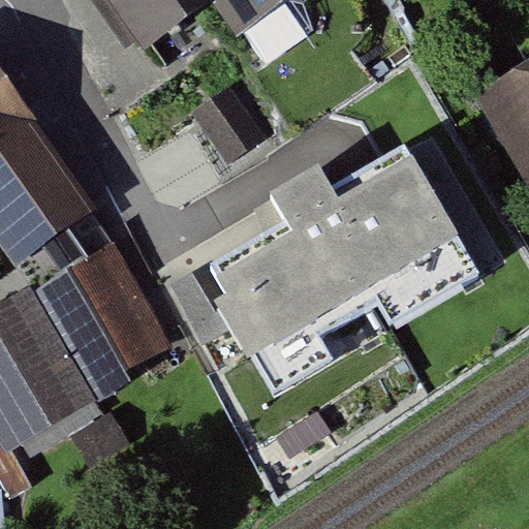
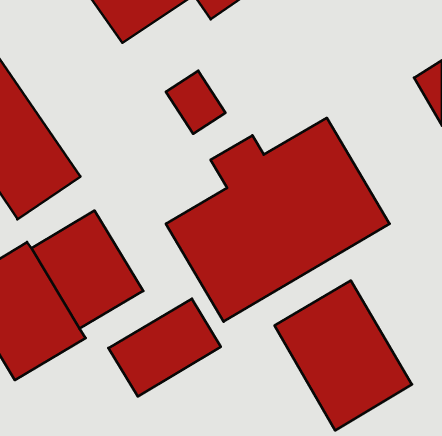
building: none -> [275,281,412,430]
building: none -> [108,299,221,396]

